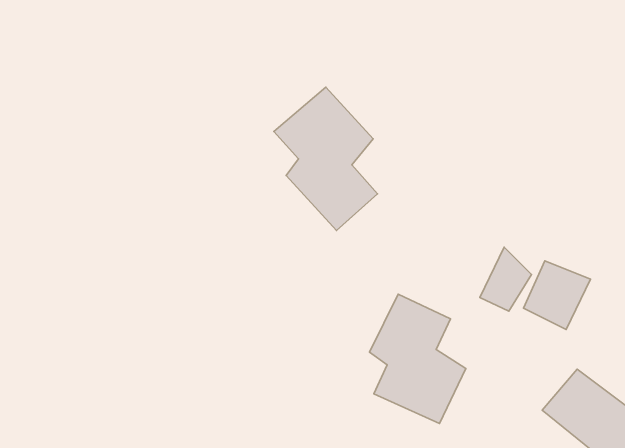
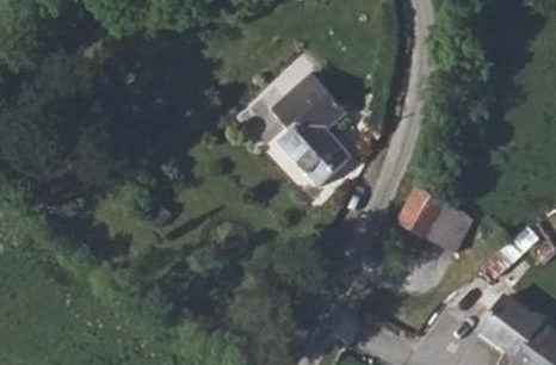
building: [523,261,590,329] -> [396,186,449,240]
building: [370,294,466,423] -> none

